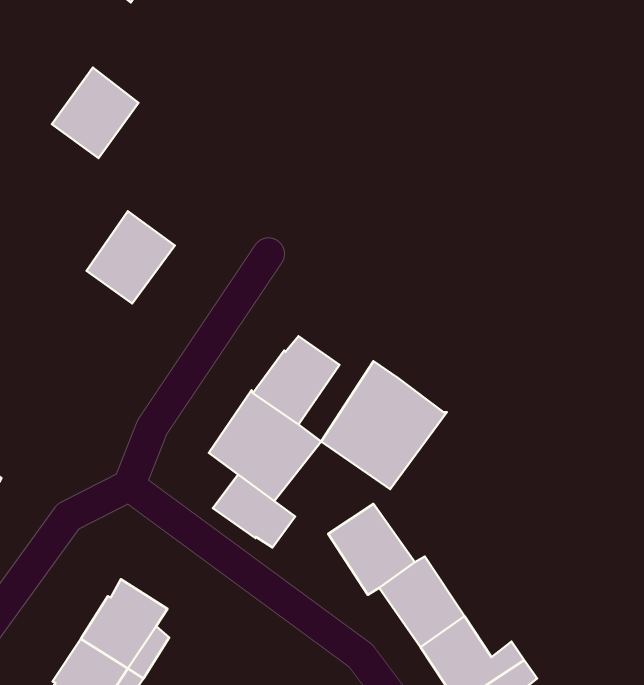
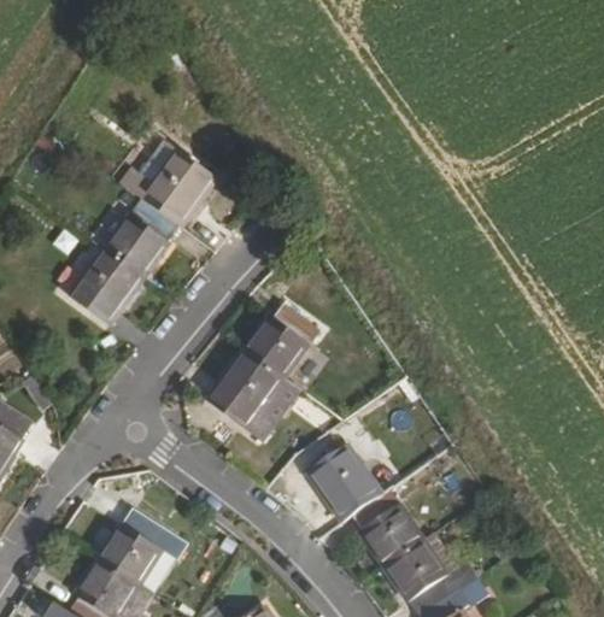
building: [52,67,138,158] -> [137,147,211,224]
building: none -> [69,246,141,323]
building: [321,361,447,489] -> none
building: [213,474,295,547] -> none

